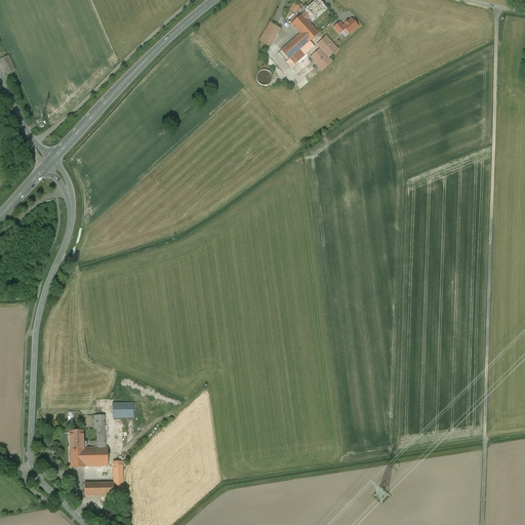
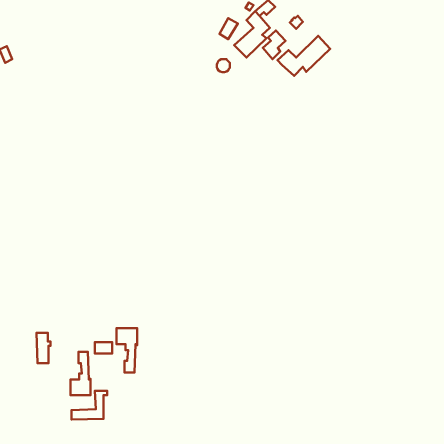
building: none -> [278,36,330,76]
building: none -> [116,328,137,372]
building: [69,431,85,467] -> [36,333,50,363]

